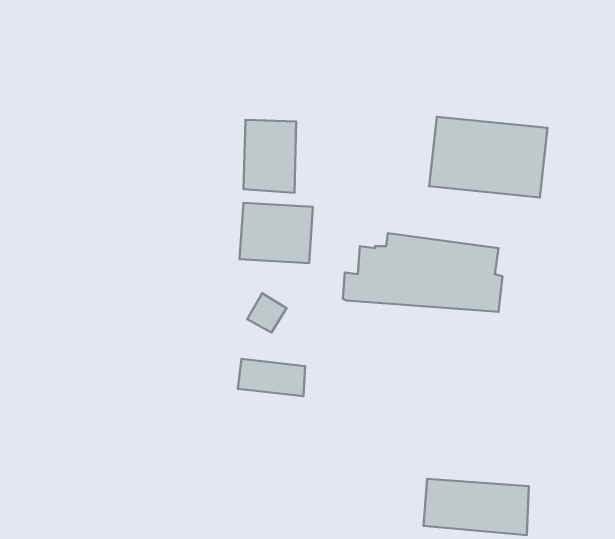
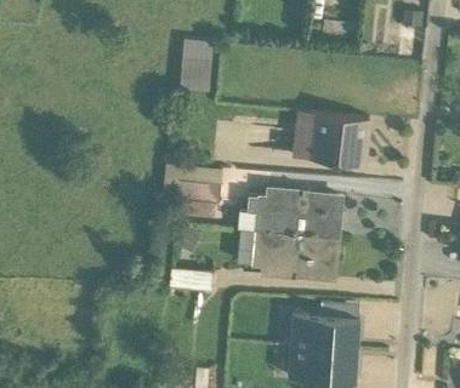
building: [244,120,296,193] -> [182,44,216,91]
building: none -> [238,230,339,280]
building: none -> [293,314,360,350]

